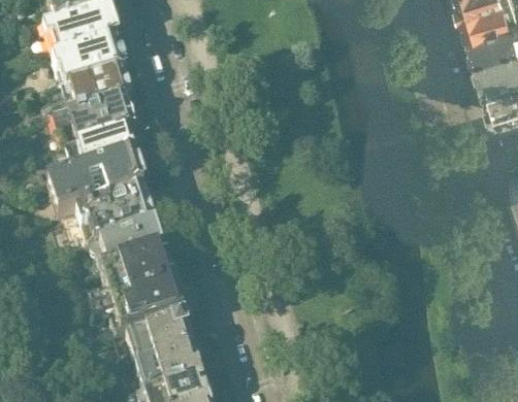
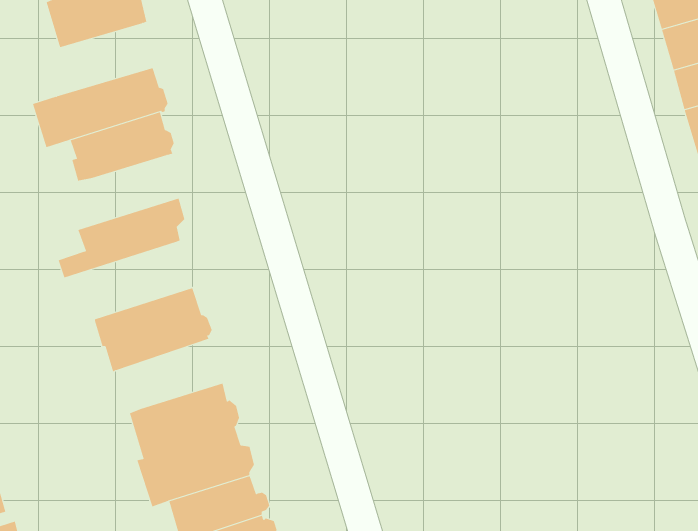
building: [47,19,126,68] -> none
building: [58,108,142,160] -> none
building: [53,167,149,226] -> none
building: [96,233,171,280] -> none

